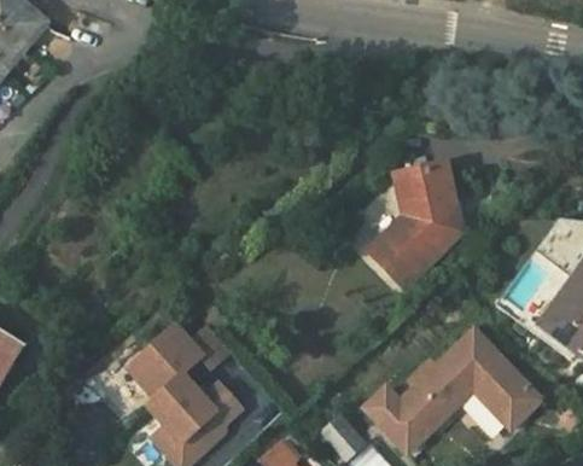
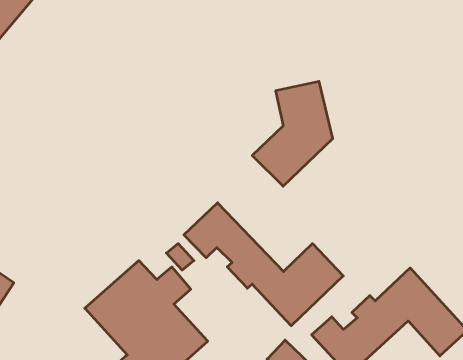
building: [371,165,462,285] -> [252,81,333,186]
building: none -> [184,203,343,326]

